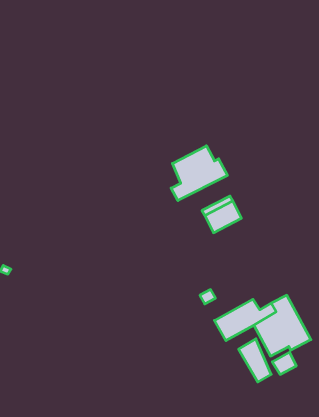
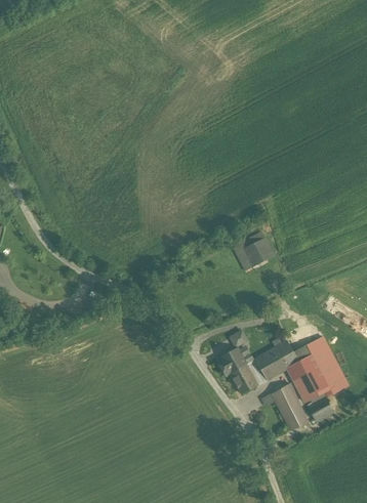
building: [171,146,227,201] -> none
building: none -> [217,348,257,394]

